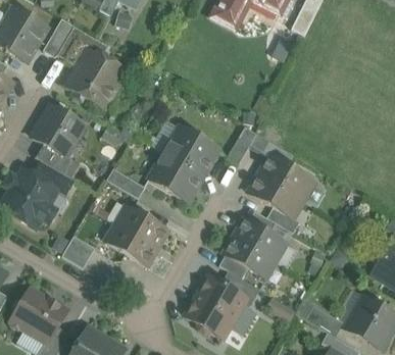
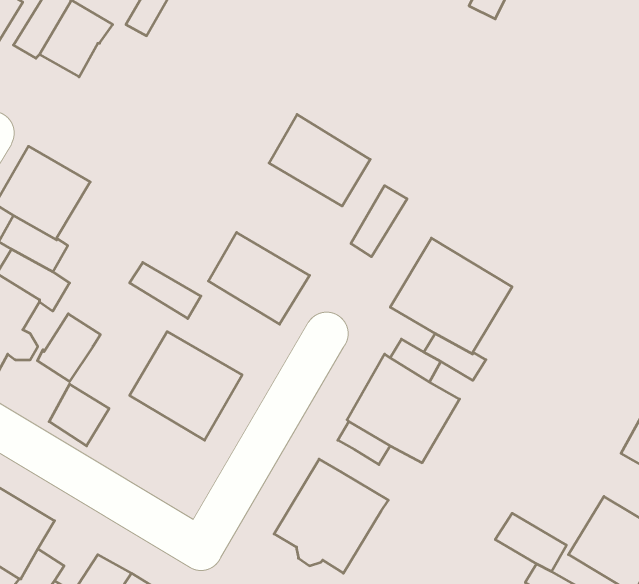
building: [67,49,126,107] -> none
building: [164,125,219,175] -> [269,114,370,206]
building: none -> [37,314,100,381]
building: [221,270,260,307] -> none

